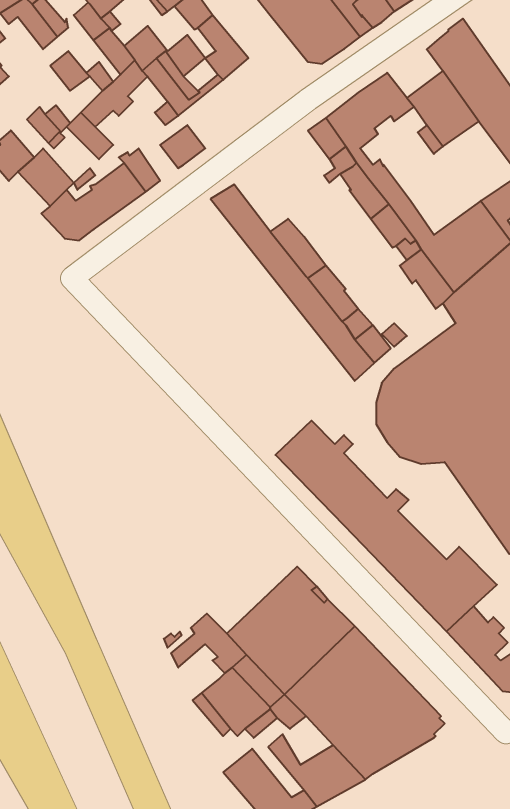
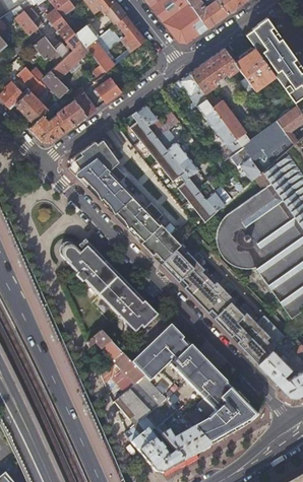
building: none -> [137,102,179,137]
building: none -> [68,139,187,263]
building: none -> [65,239,160,333]
building: none -> [87,330,122,360]

